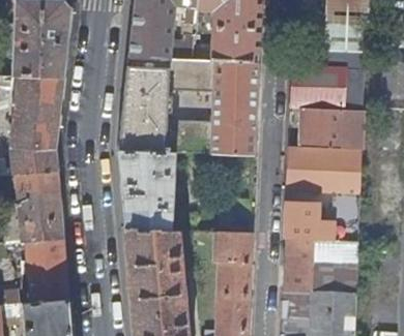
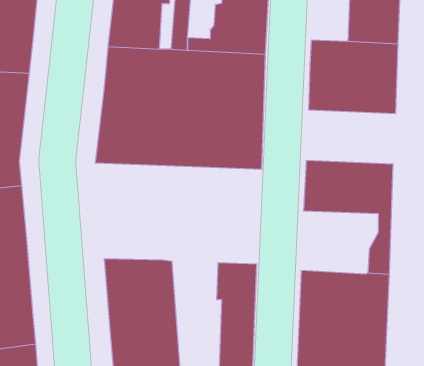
building: [299,109,342,146] -> none
building: [117,150,175,230] -> none
building: [286,204,339,241] -> none

